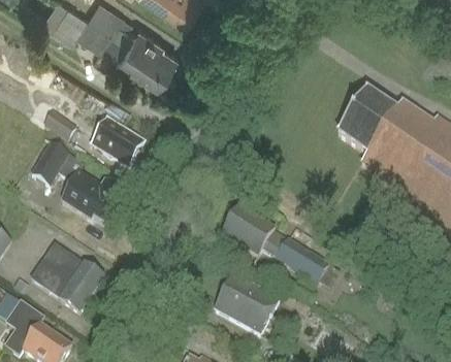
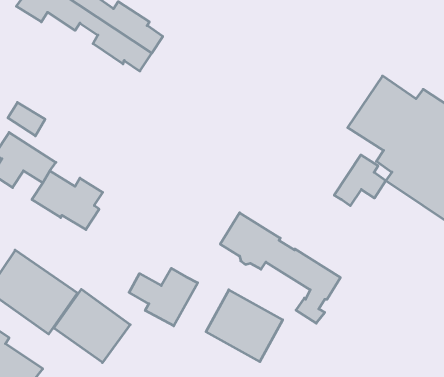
building: [92,119,143,165] -> none
building: none -> [334,155,386,206]
building: none -> [129,268,198,326]
building: none -> [54,289,130,363]

